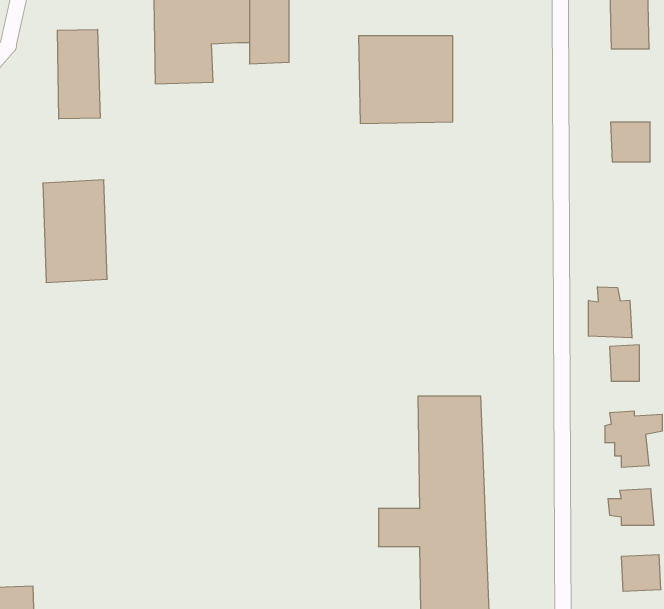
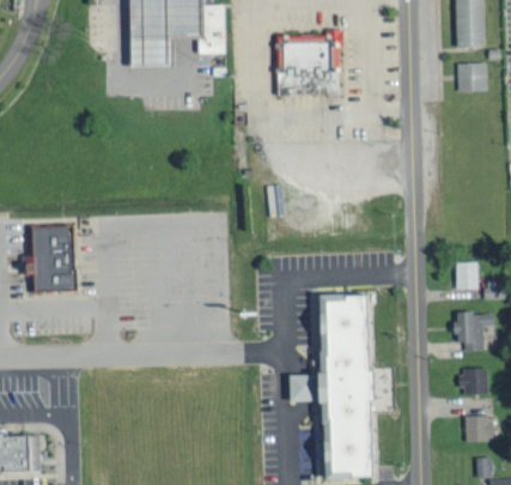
building: [57,29,100,119] -> none
building: [611,122,650,162] -> [458,61,487,90]
building: [43,180,107,282] -> [31,222,78,296]
building: [589,287,632,338] -> none

